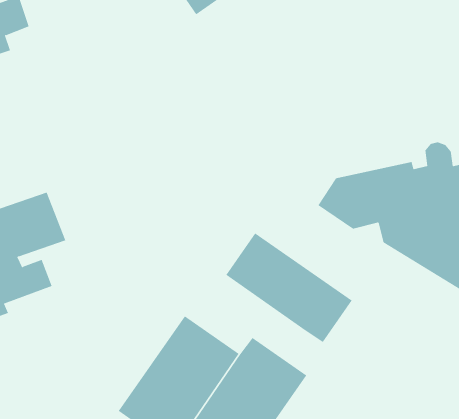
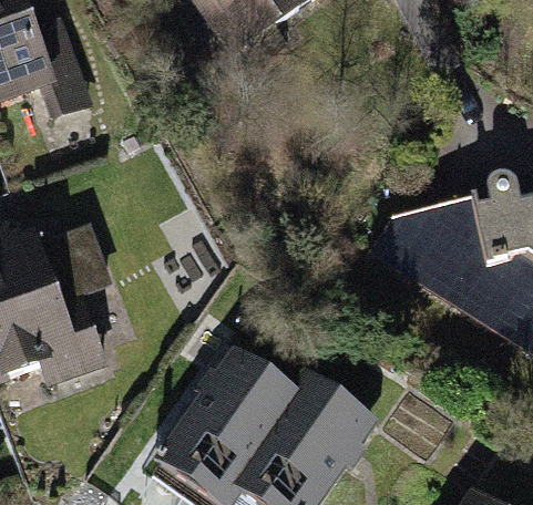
building: [226,232,353,343] -> none

